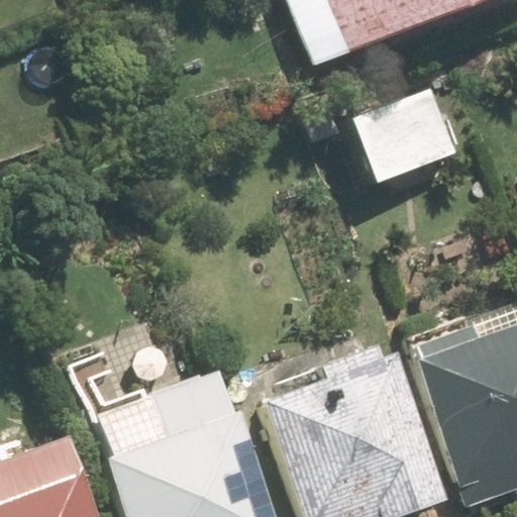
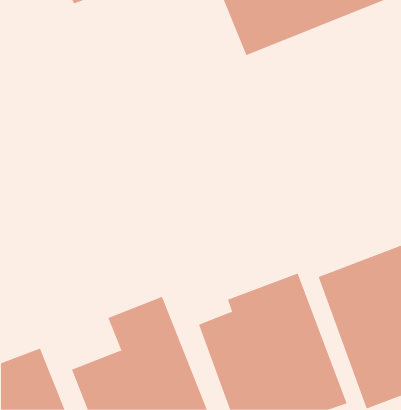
building: [351,83,467,189] -> none

